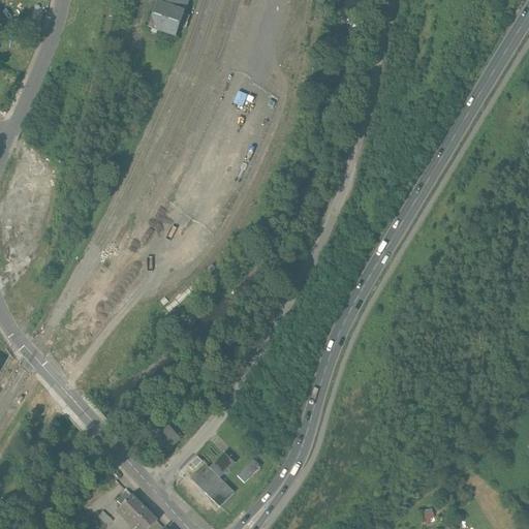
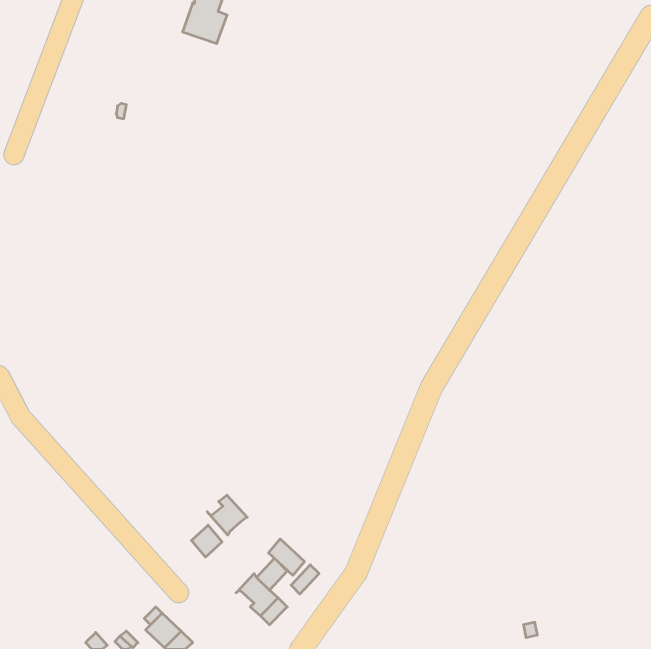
building: none -> [207,495,247,535]
building: none -> [269,539,304,575]

